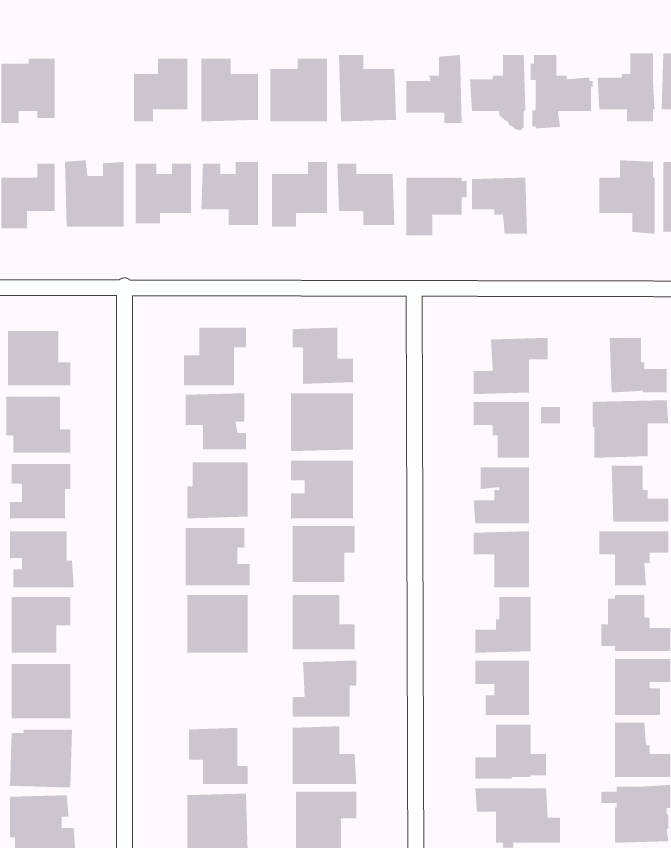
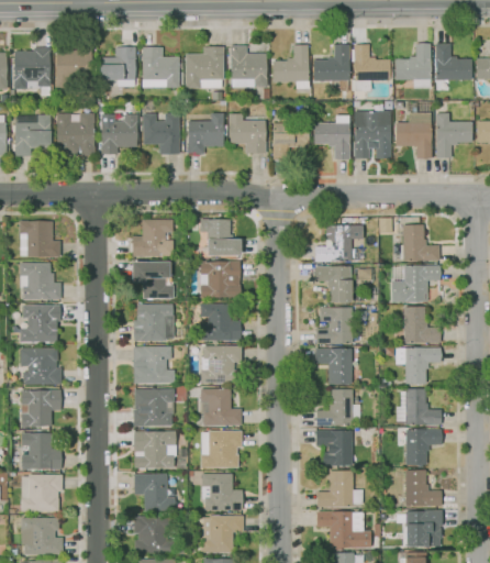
building: none -> [55,49,92,87]
building: none -> [355,110,390,158]
building: none -> [134,430,175,467]

